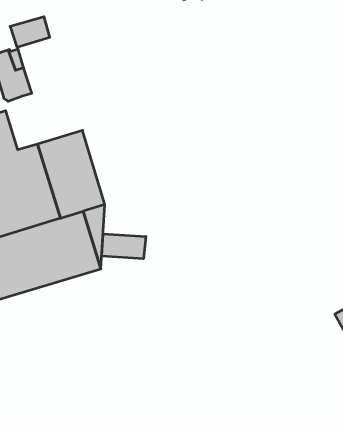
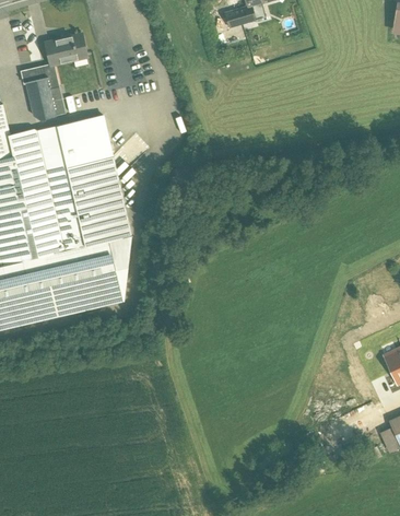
building: none -> [35,114,114,172]
building: [102,234,146,259] -> none

